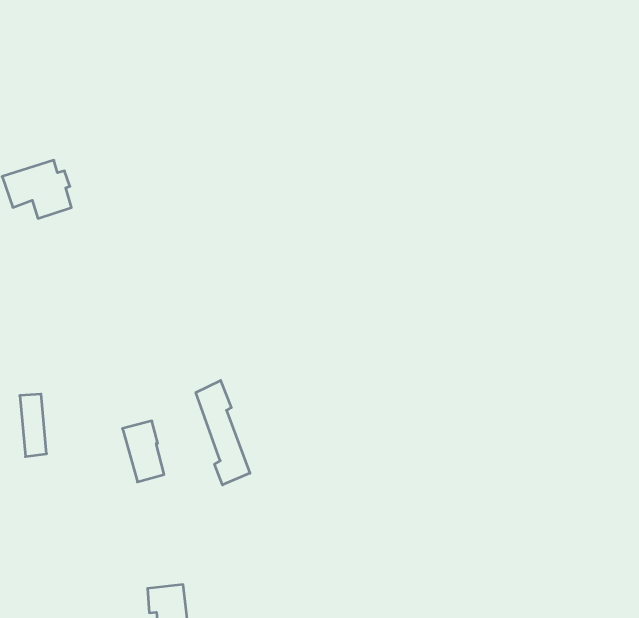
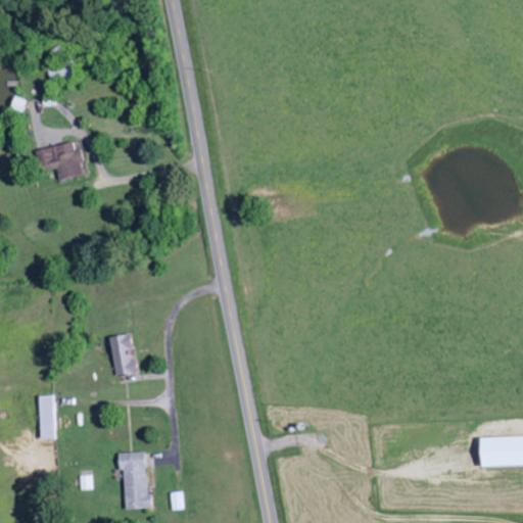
building: [196,380,250,485] -> none
building: [20,394,47,457] -> [39,395,55,439]

